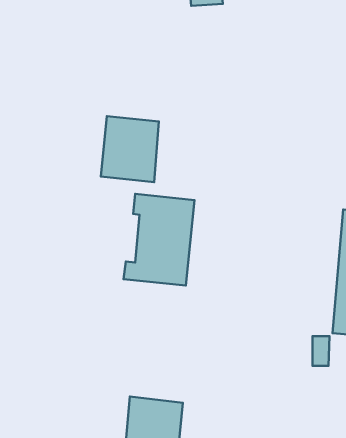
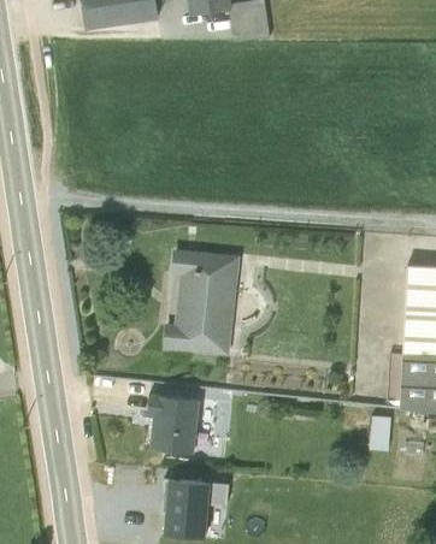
building: [101,116,159,182] -> none
building: none -> [142,396,198,459]

